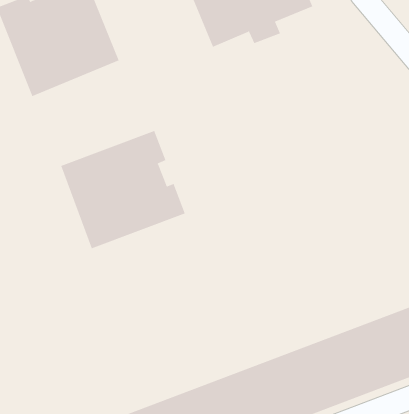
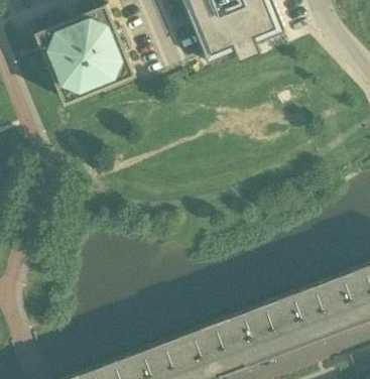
building: [61,130,185,249] -> none

